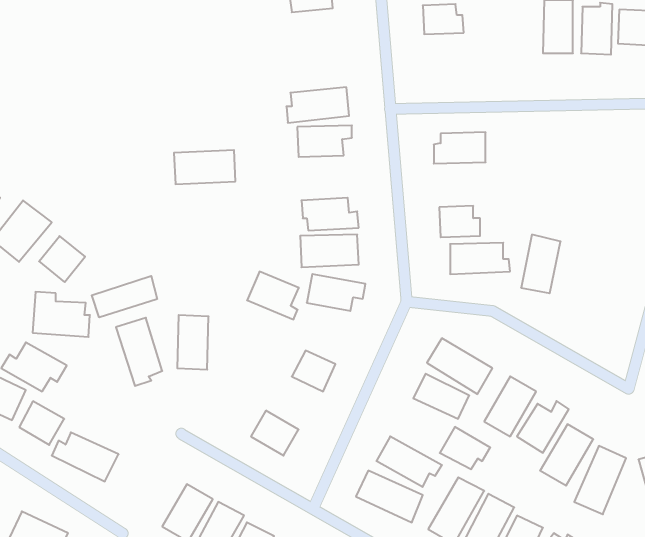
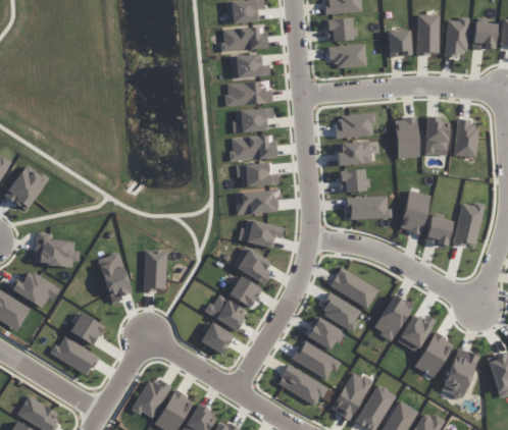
building: none -> [221,26,267,51]
building: none -> [388,31,410,57]
building: none -> [327,44,366,69]
building: none -> [231,54,269,78]
building: none -> [425,117,447,154]
building: none -> [396,118,418,159]
building: none -> [455,119,477,157]
building: [174,150,235,184] -> [230,136,275,161]
building: none -> [337,143,371,165]
building: [39,236,85,282] -> none
building: none -> [453,203,484,248]
building: none -> [424,217,452,247]
building: [247,272,299,319] -> [233,248,271,283]
building: [92,276,157,317] -> none
building: none -> [203,297,246,330]
building: [19,401,64,445] -> [70,313,104,345]
building: [440,427,490,469] -> [306,318,344,350]

